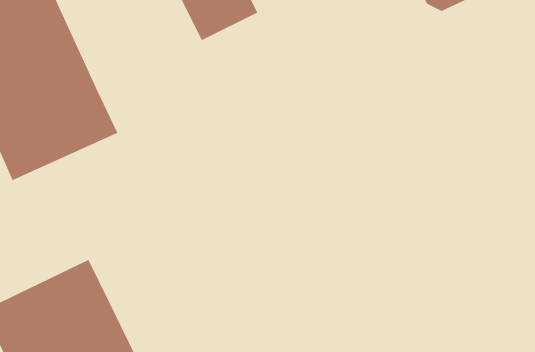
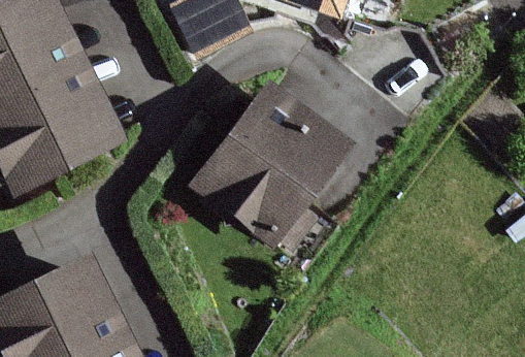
building: none -> [198,84,351,240]

